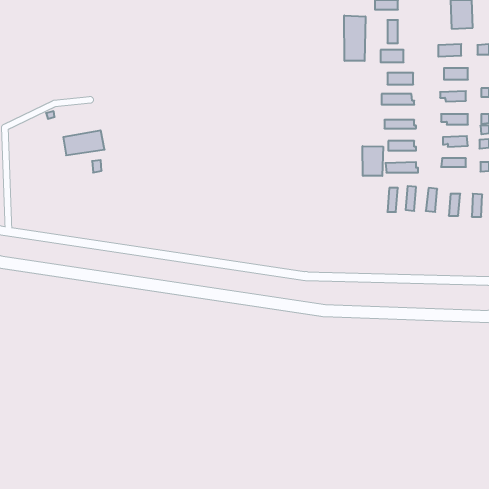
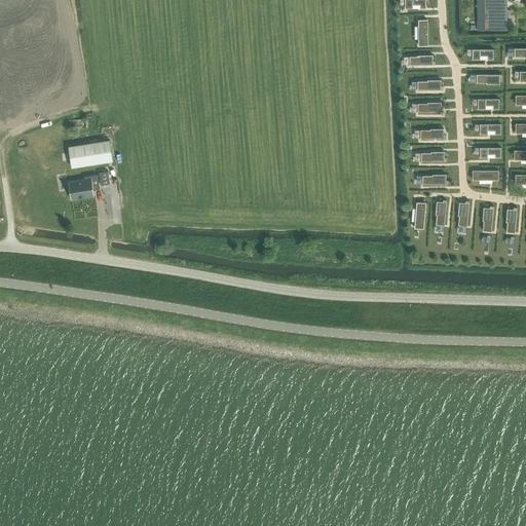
building: [344,15,365,61] -> none
building: [363,146,383,176] -> none
building: none -> [68,176,99,199]

